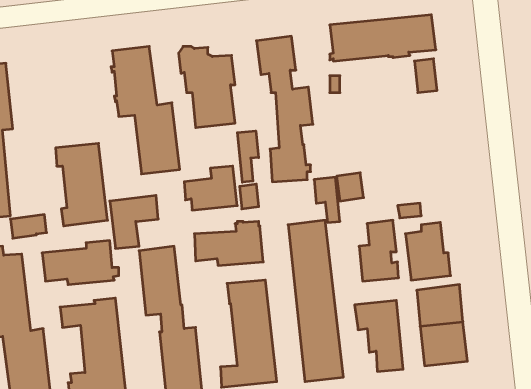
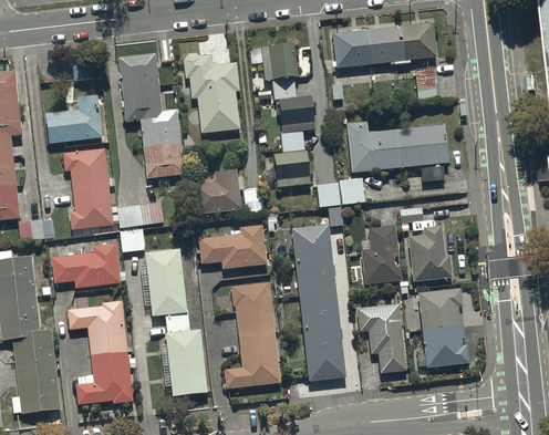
building: none -> [45,96,101,143]
building: none -> [346,122,448,180]
building: [237,131,259,182] -> none

